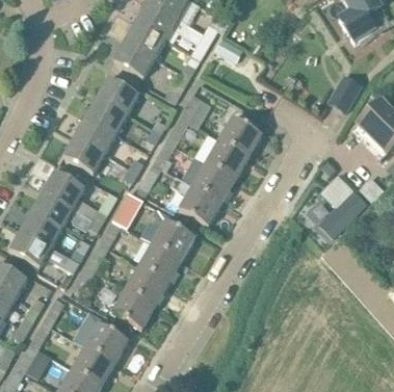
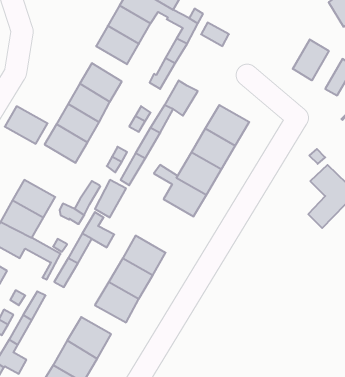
building: none -> [293,39,329,80]
building: [44,169,85,206] -> [5,106,48,144]
building: [152,219,195,260] -> none

